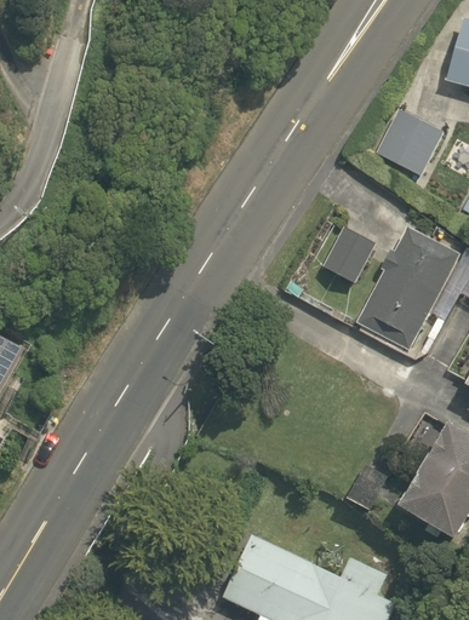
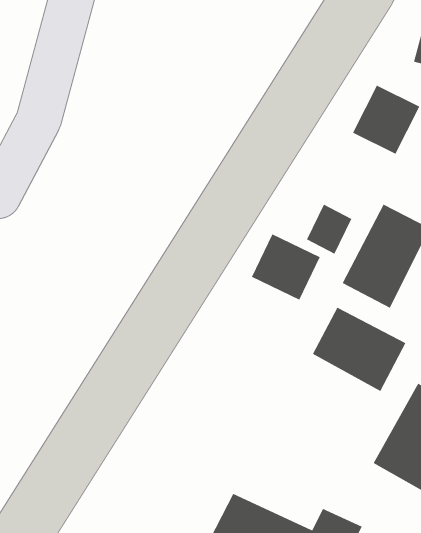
building: none -> [251,234,321,301]
building: none -> [312,307,406,392]

